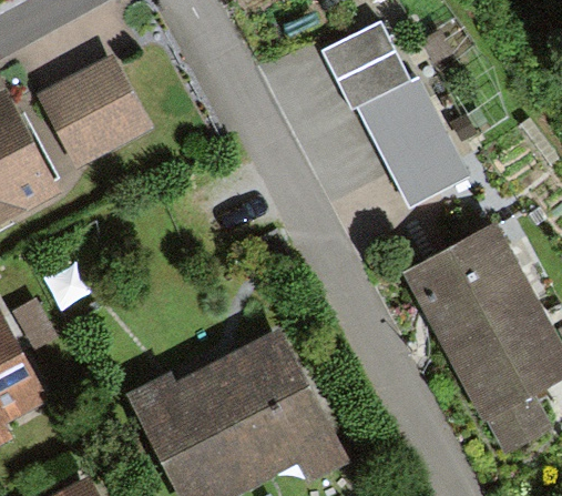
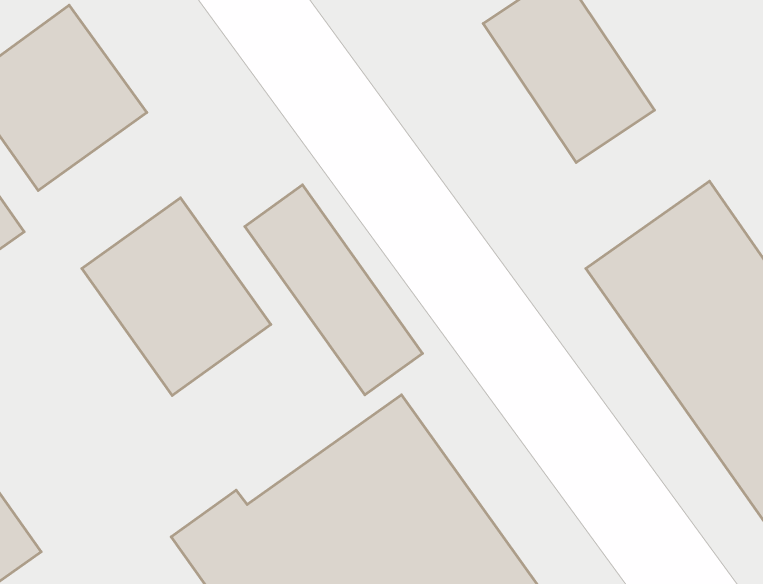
building: none -> [82,198,271,395]
building: none -> [245,185,423,395]

